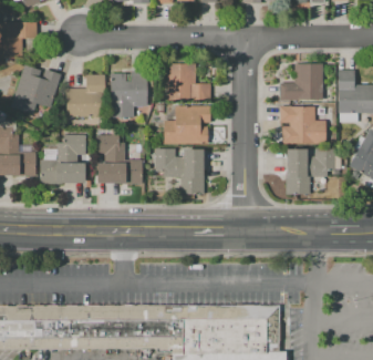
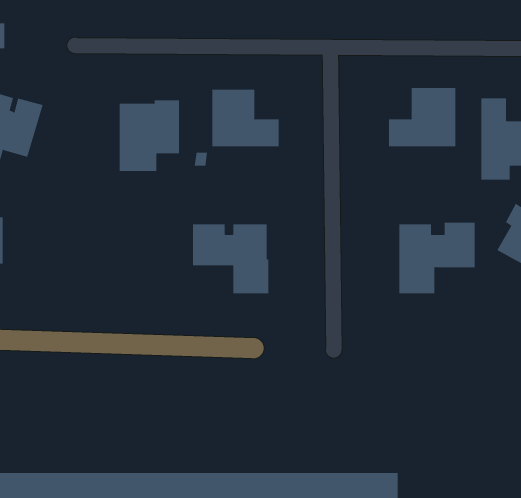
building: [65,75,105,116] -> none
building: [164,106,209,144] -> none
building: [279,106,325,143] -> none
building: [40,135,84,183] -> none
building: [97,135,143,183] -> none

